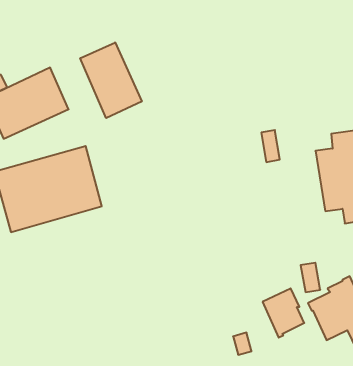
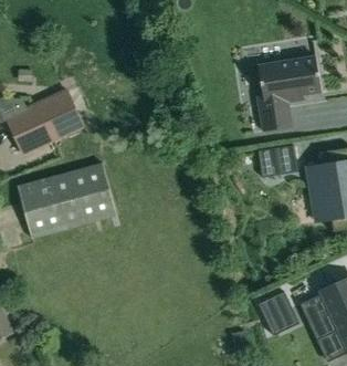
building: none -> [257,56,322,132]
building: [80,42,142,118] -> none

